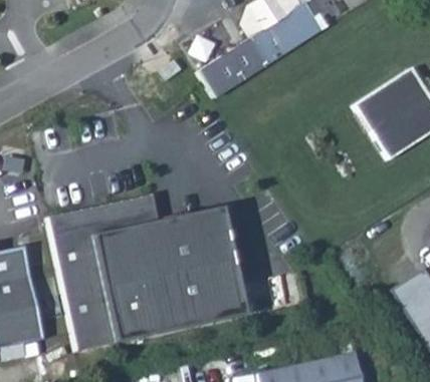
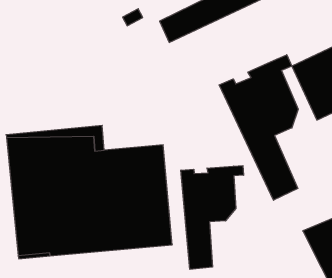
building: none -> [219,55,298,200]
building: none -> [181,166,244,269]

